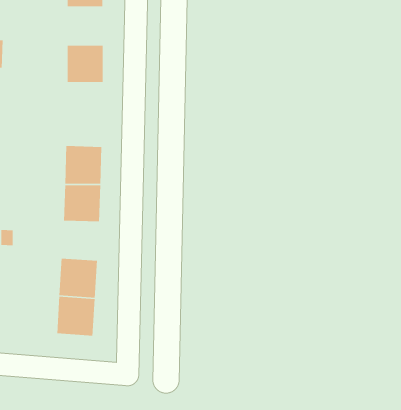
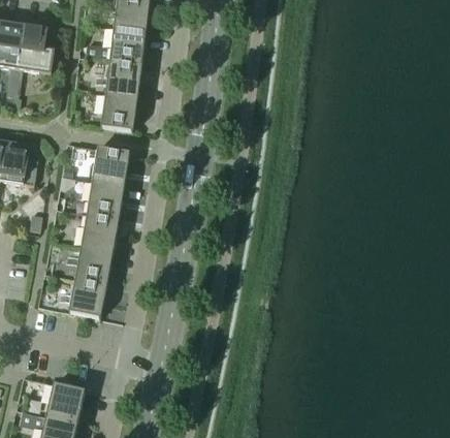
building: none -> [108,25,144,62]
building: none -> [99,91,136,129]
building: none -> [79,212,118,250]

